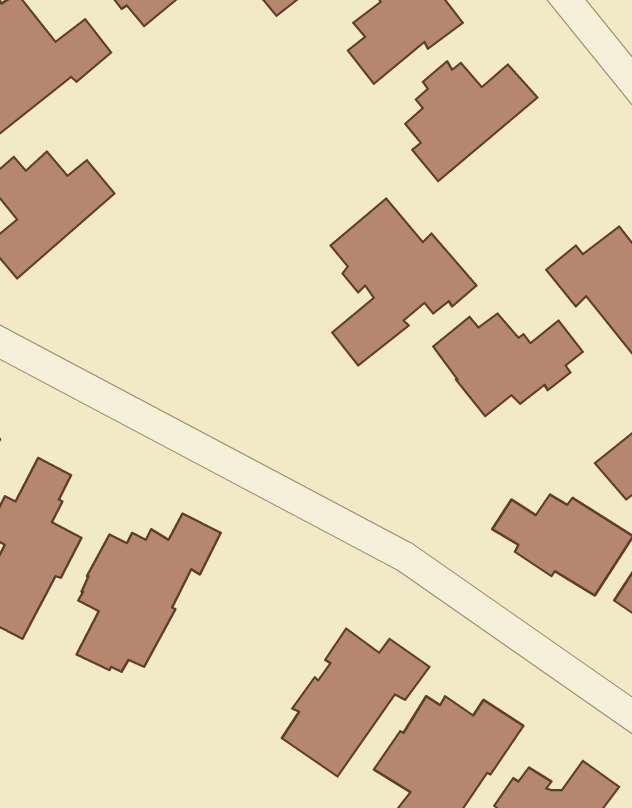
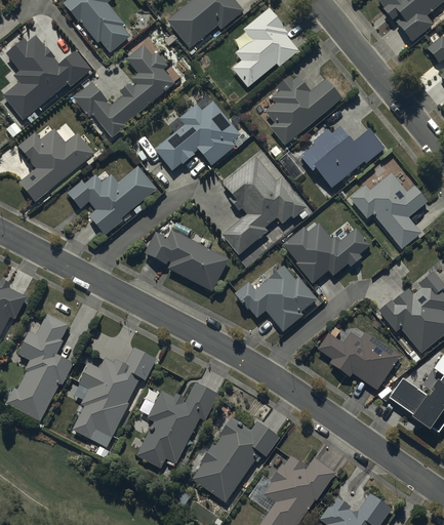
building: none -> [74,43,175,138]
building: none -> [154,100,241,170]
building: none -> [300,126,386,190]
building: none -> [67,166,157,236]
building: none -> [144,229,230,292]
building: none -> [234,265,317,332]
building: none -> [136,375,219,462]

